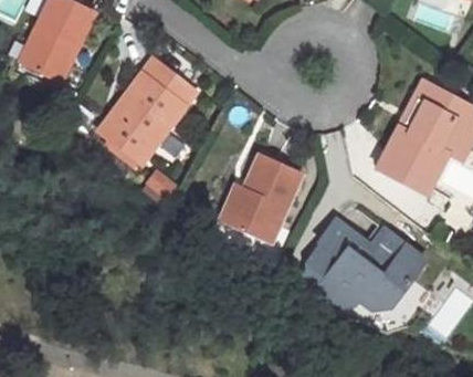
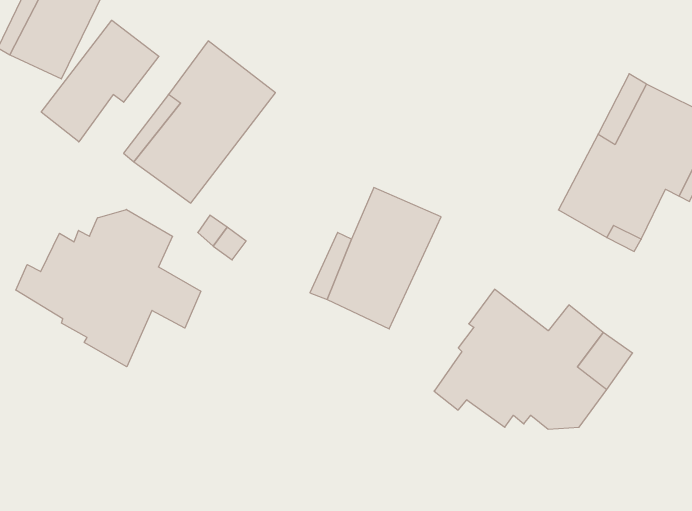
building: none -> [41,20,159,142]
building: none -> [16,209,201,367]

